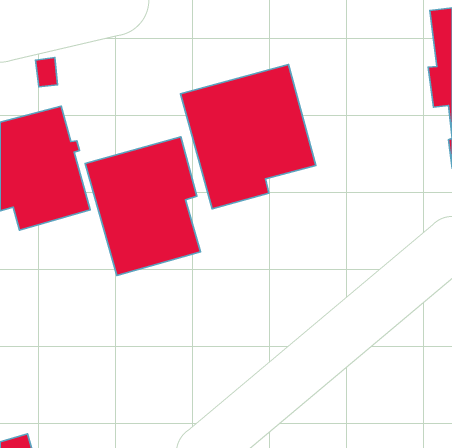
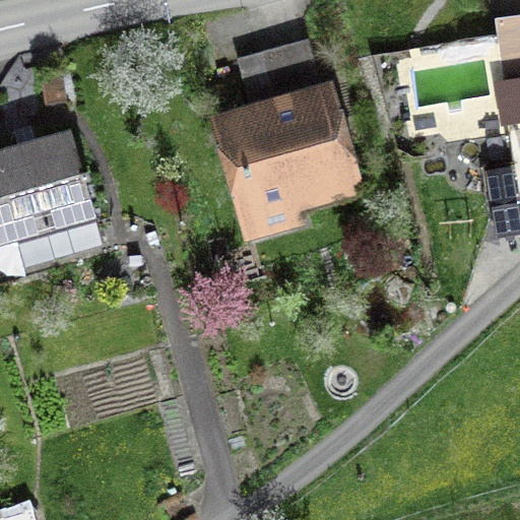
building: [85,137,200,276] -> none

